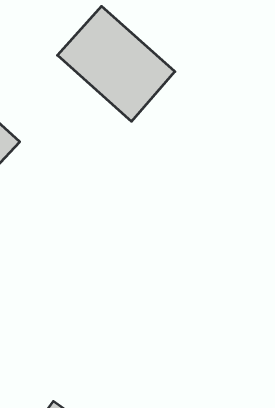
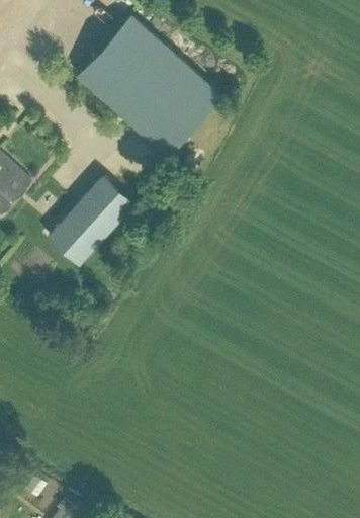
building: none -> [48,175,136,266]

